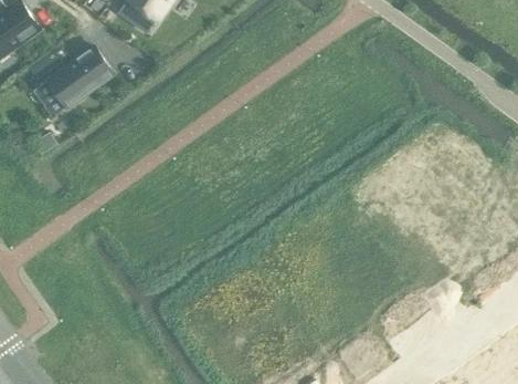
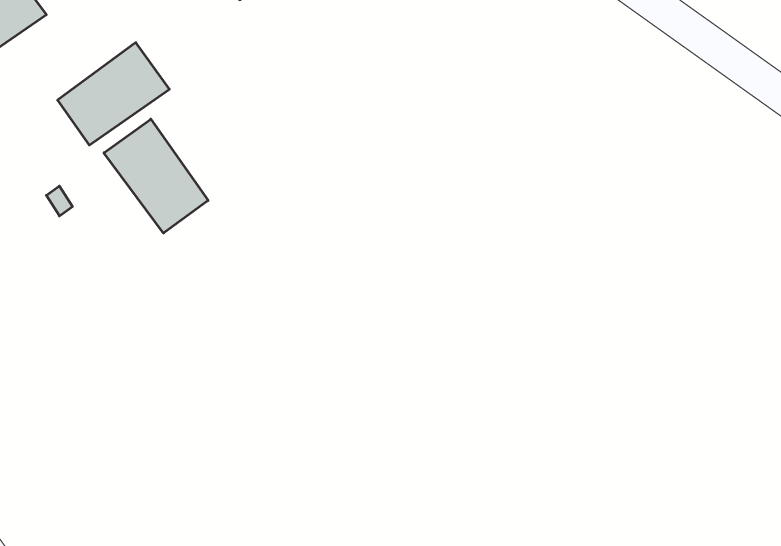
building: none -> [104,119,208,233]

